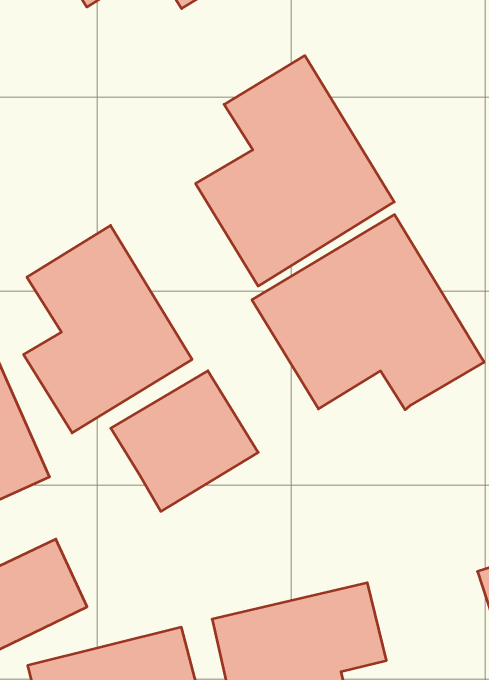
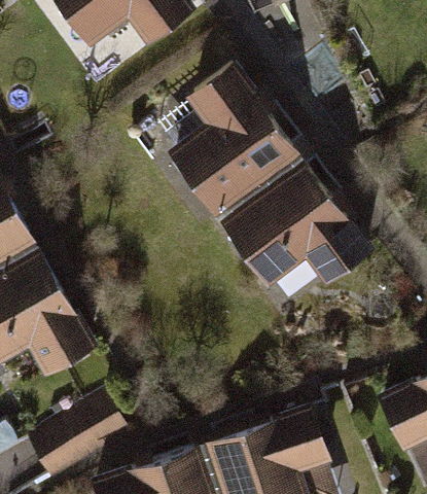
building: [24,225,192,433] -> none
building: [111,371,258,511] -> none

